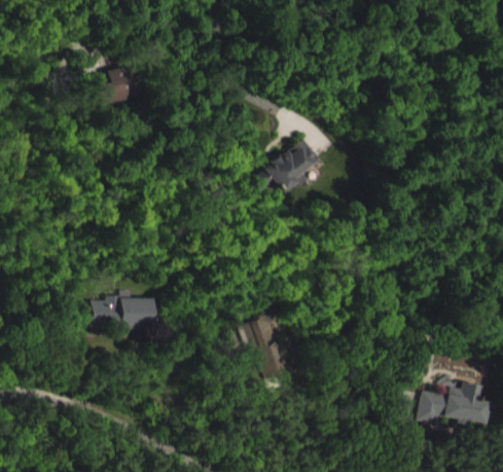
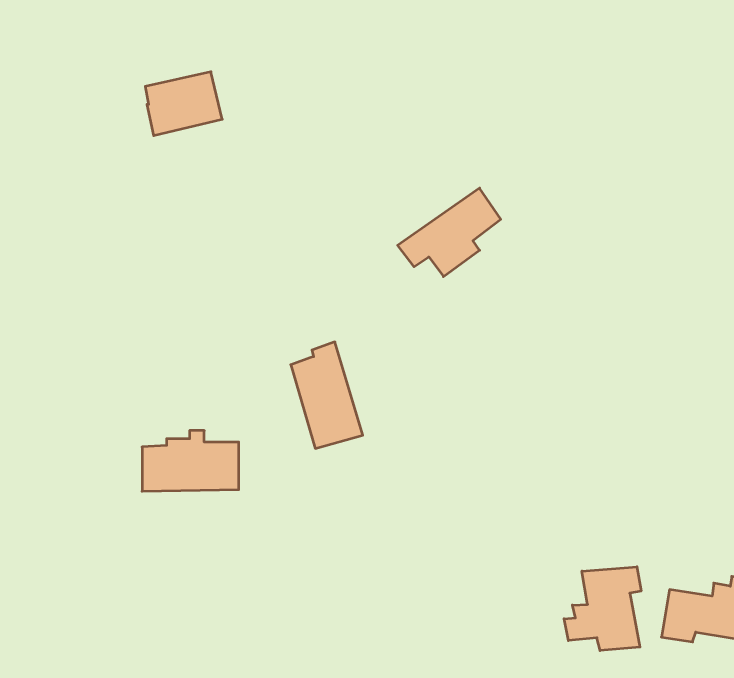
building: [245,308,290,375] -> [291,342,363,448]
building: none -> [564,567,641,651]

